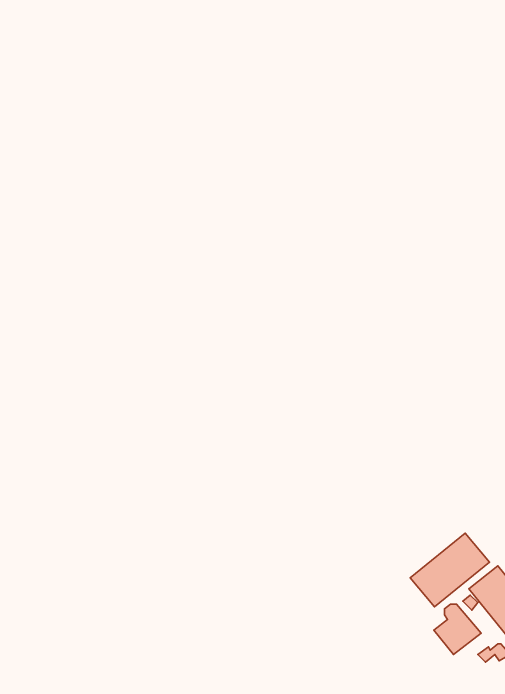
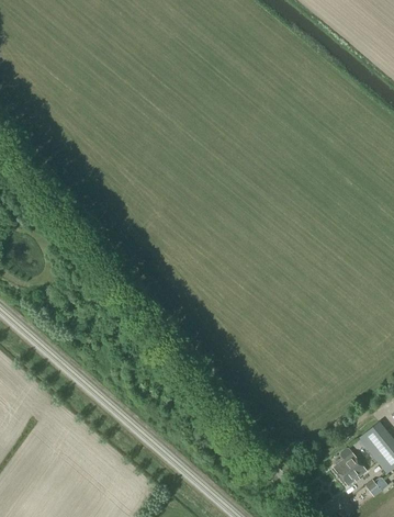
building: [410,533,489,607] -> none

